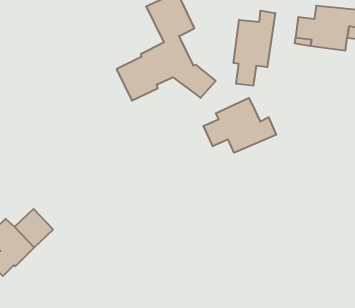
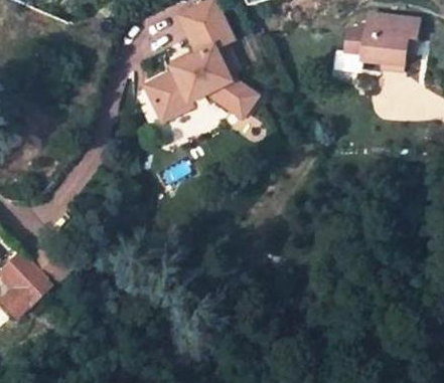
building: [234,11,275,86] -> none
building: [203,98,276,153] -> none

